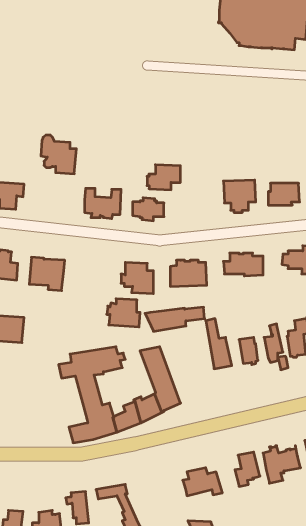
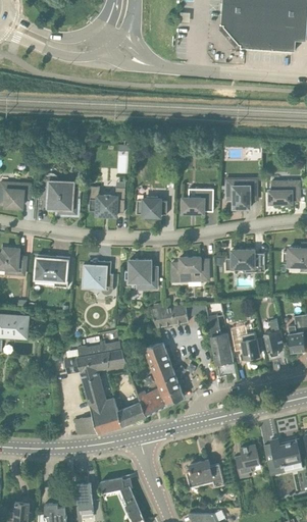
building: [41,135,76,174] -> [44,176,79,214]
building: [147,165,180,190] -> [181,189,213,213]
building: [107,299,140,327] -> [82,260,114,288]

